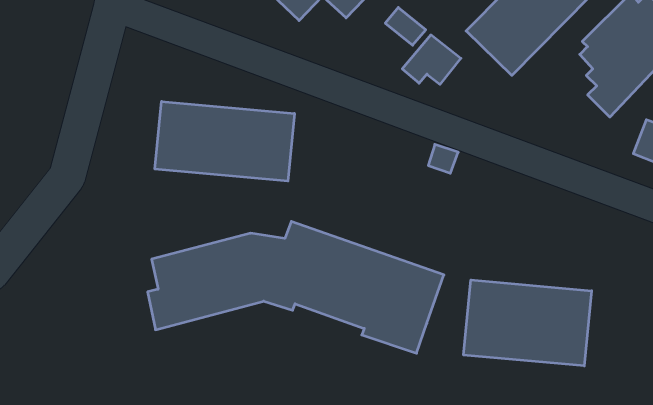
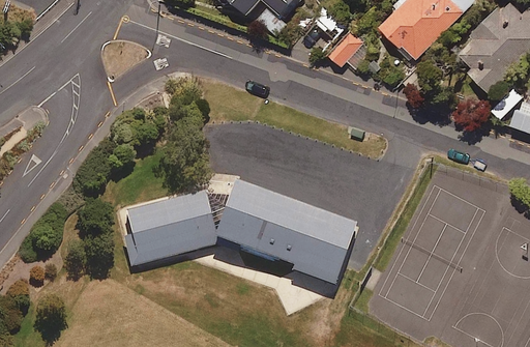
building: [155,101,294,181] -> none
building: [464,280,592,366] -> none

